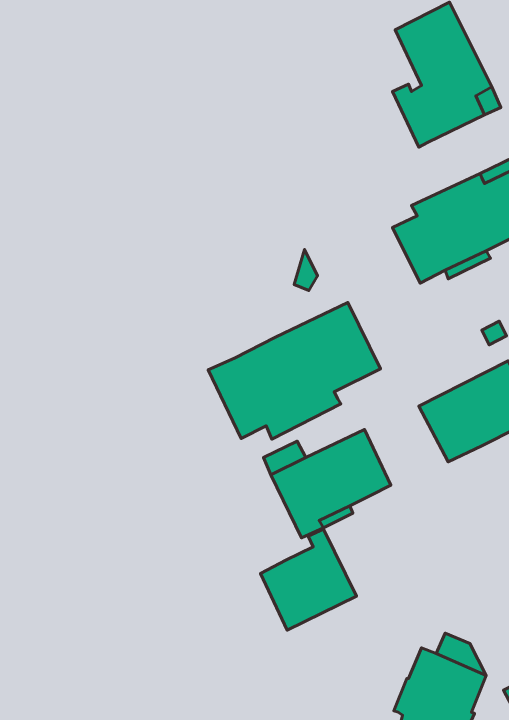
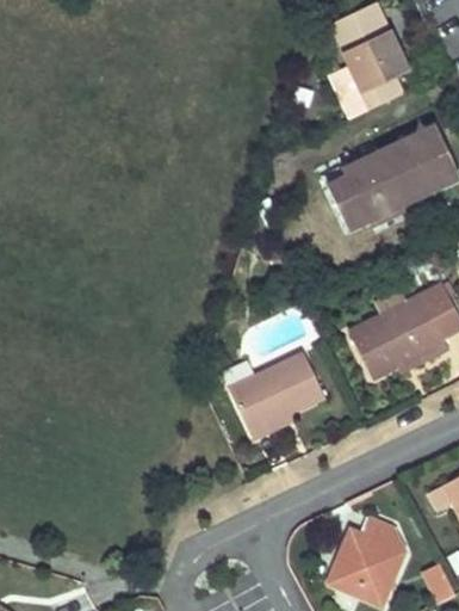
building: [208,303,380,439] -> none
building: [260,529,357,630] -> none

